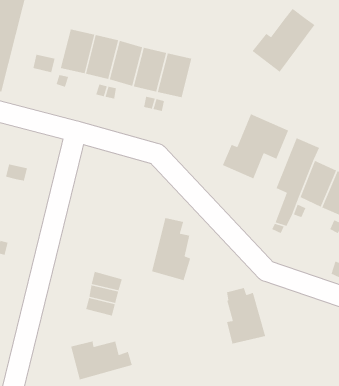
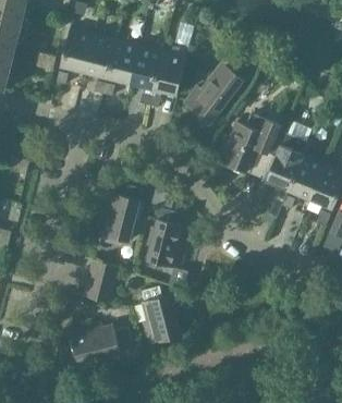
building: [251,8,315,73] -> [182,64,243,126]
building: none -> [95,187,141,244]
building: [226,287,266,344] -> [142,292,180,346]

